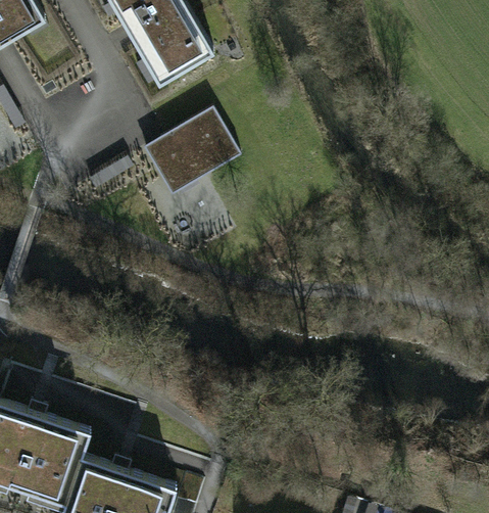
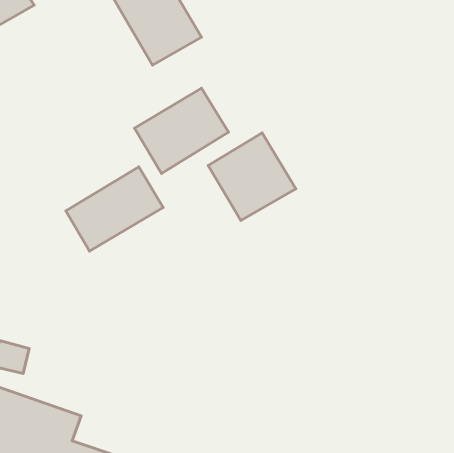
building: none -> [208,133,296,221]
building: none -> [66,167,163,251]

